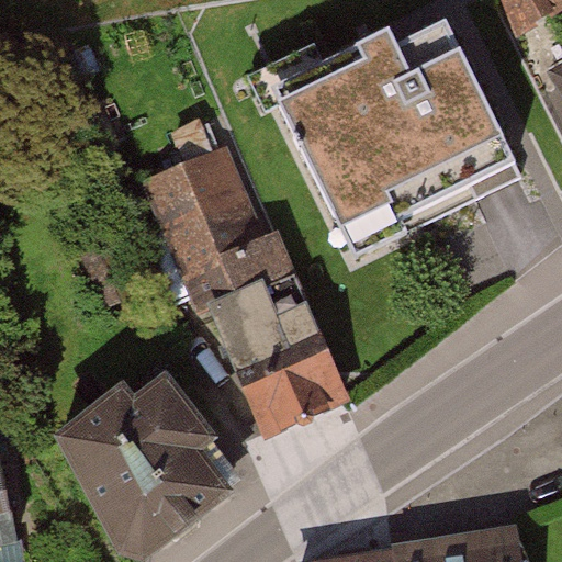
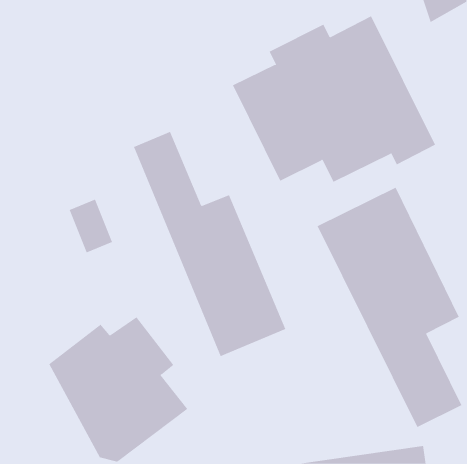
building: none -> [317,187,462,428]

